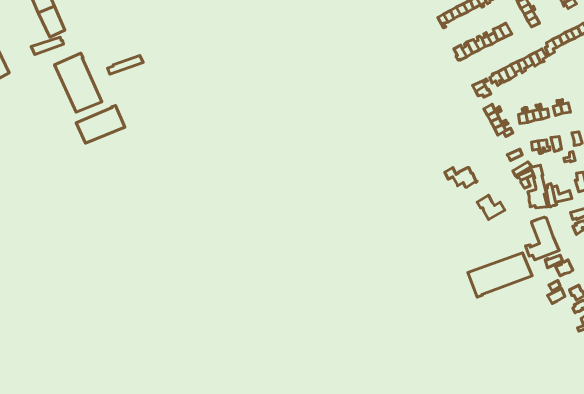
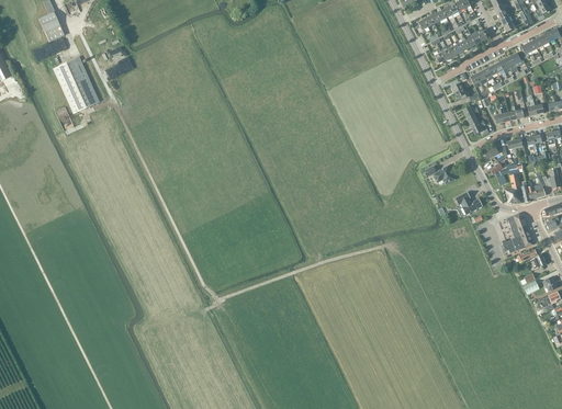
building: [76,105,125,143] -> none
building: [468,253,532,297] -> none

